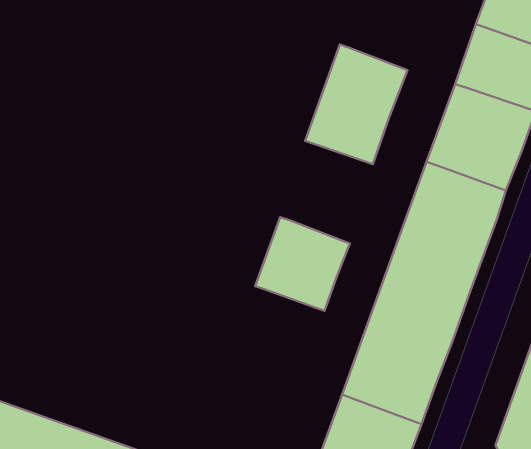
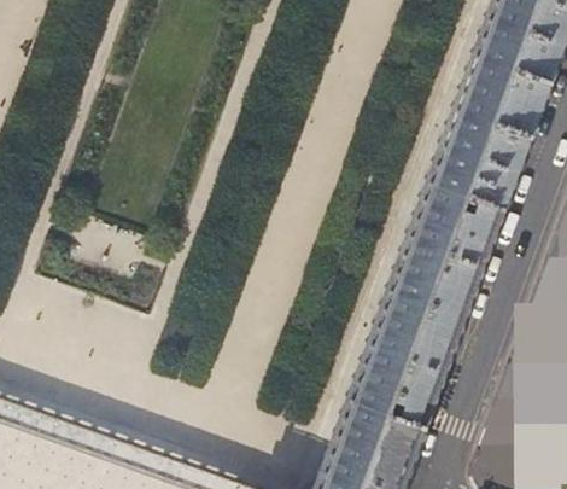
building: [305,44,407,164] -> none
building: [255,217,350,311] -> none

